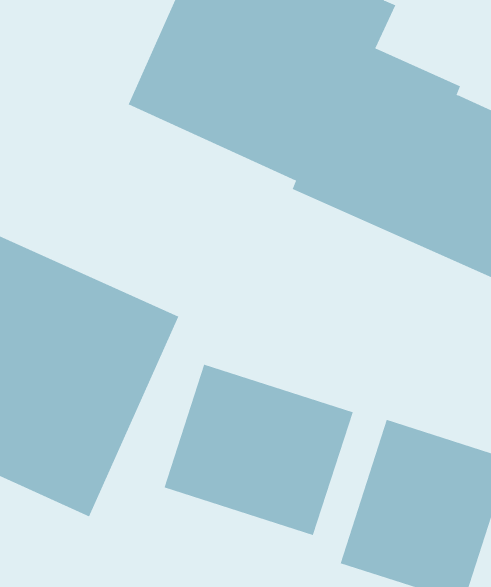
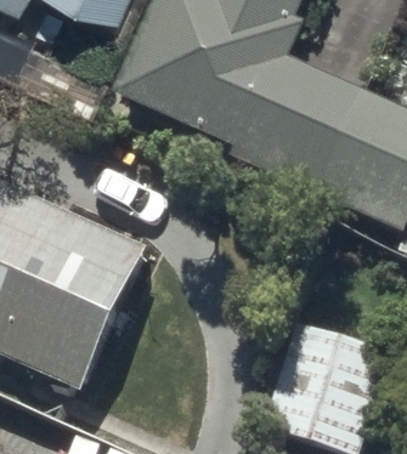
building: [164,364,353,536] -> none

